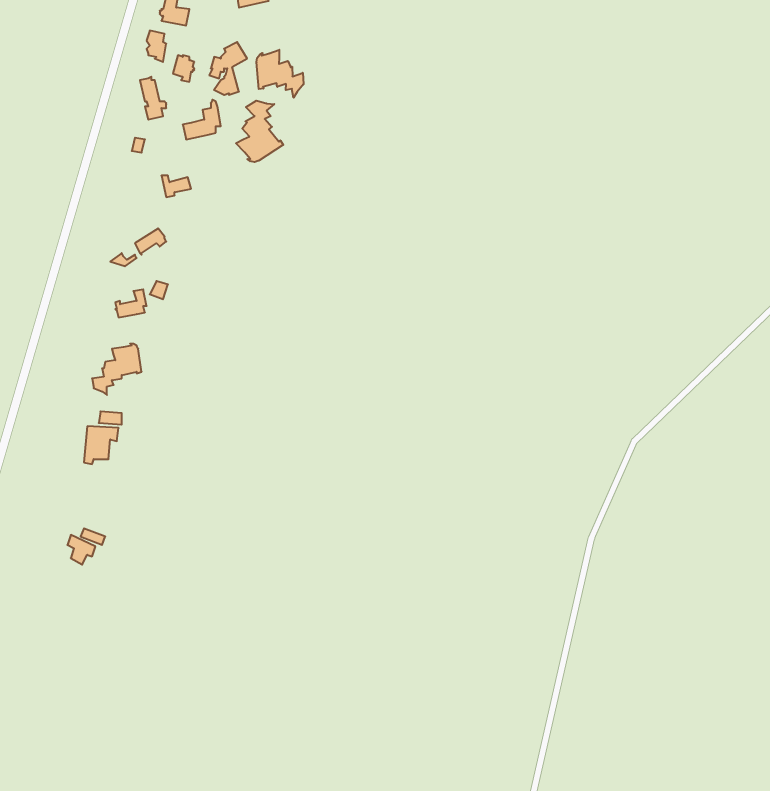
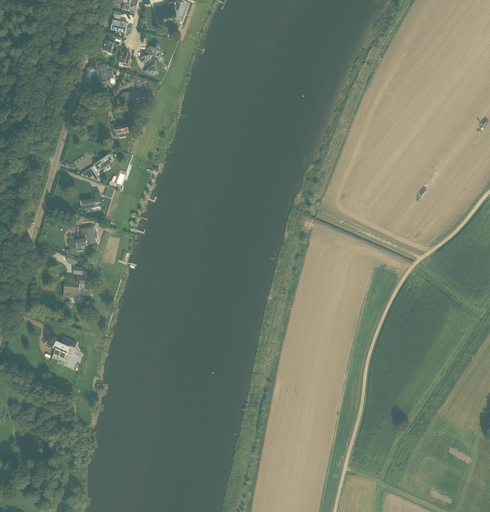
building: [257,50,304,98] -> none
building: [236,101,283,162] -> none

